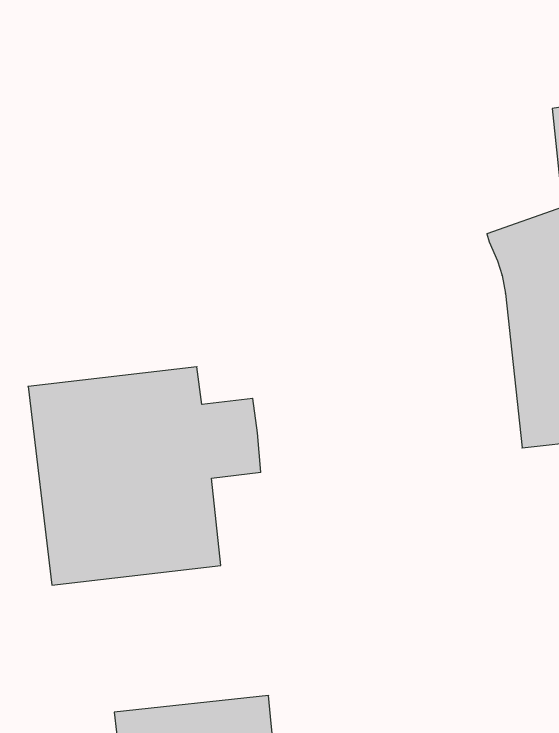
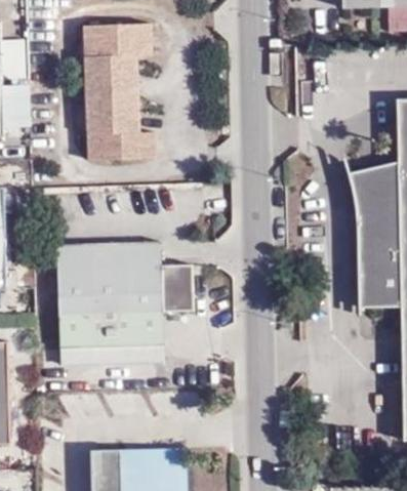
building: none -> [83,24,152,159]

